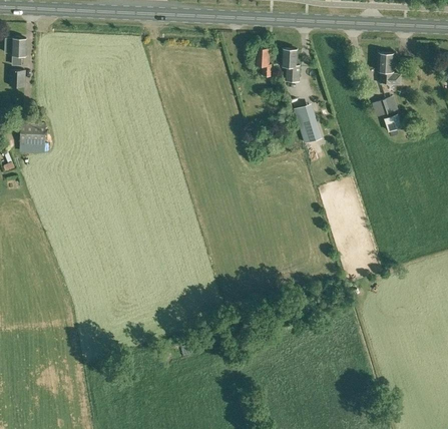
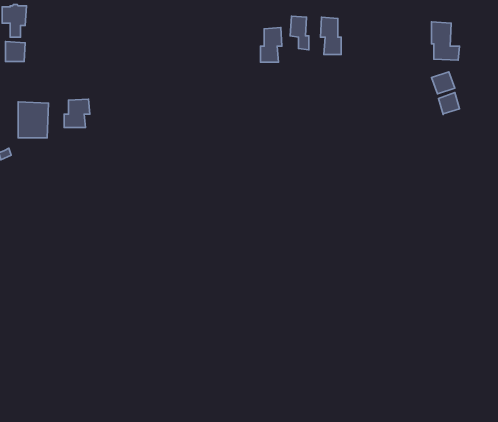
building: none -> [260,28,282,62]
building: [295,104,322,143] -> none
building: none -> [64,99,90,127]

